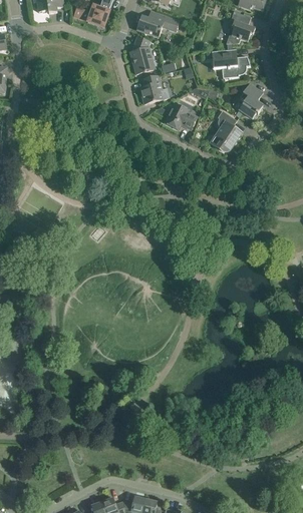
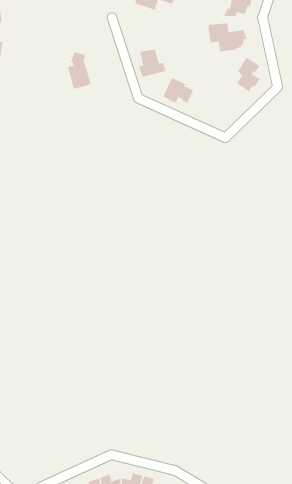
building: [129,36,154,74] -> [67,51,91,89]
building: [210,110,241,150] -> none

